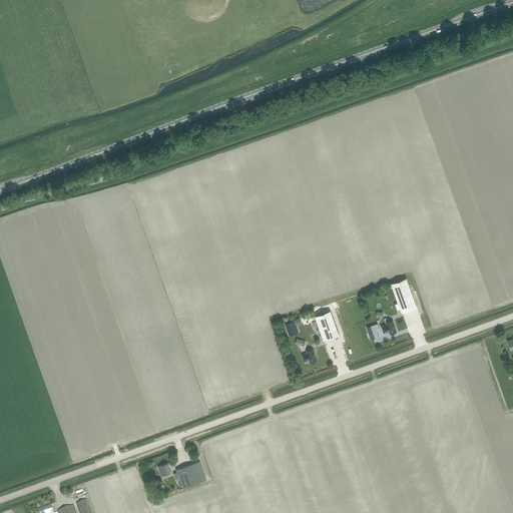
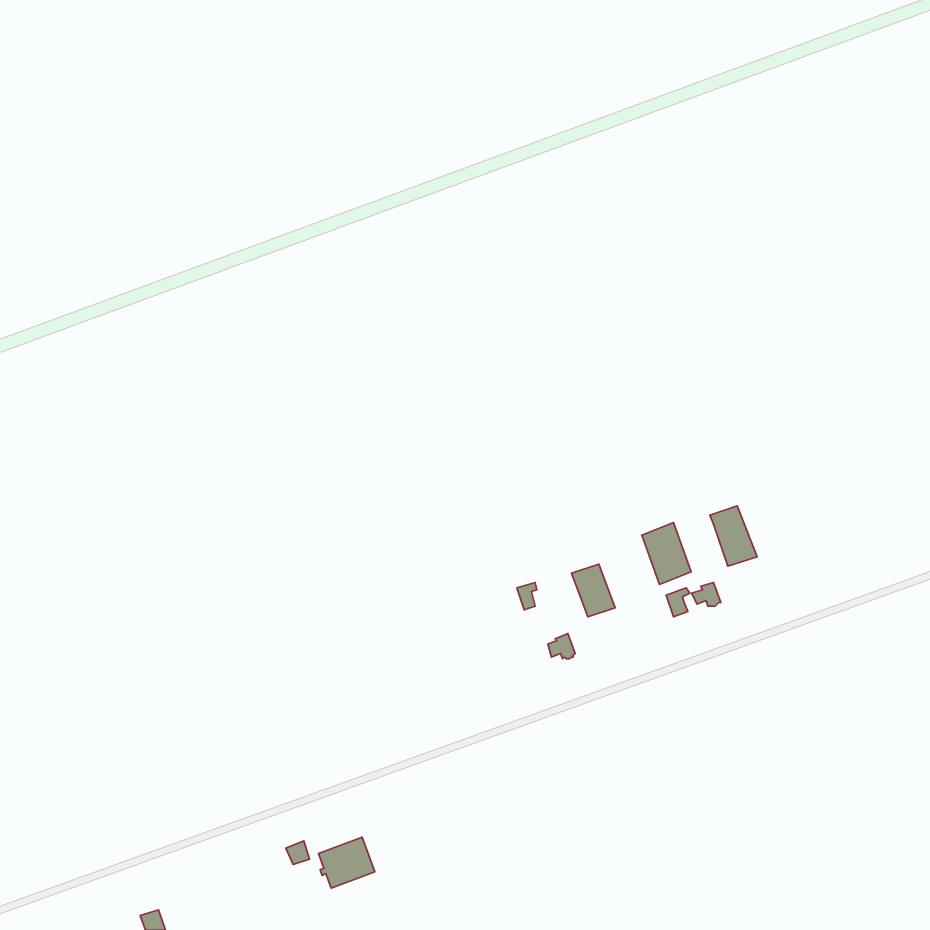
building: none -> [642,523,691,584]

